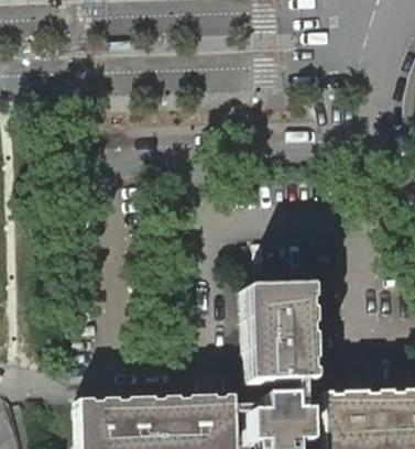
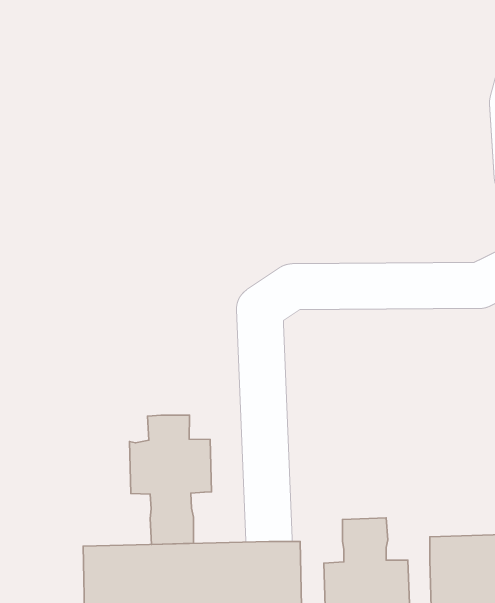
building: [254,286,316,380] -> none
building: none -> [129,415,212,544]

